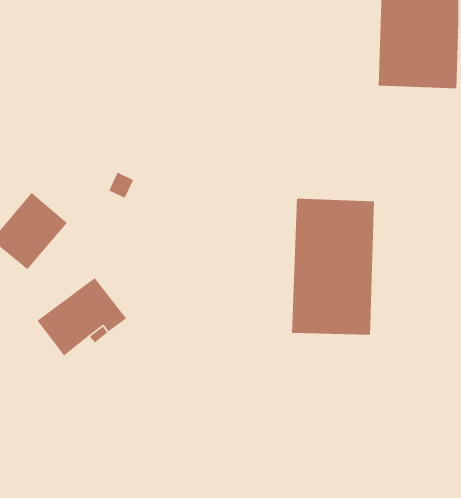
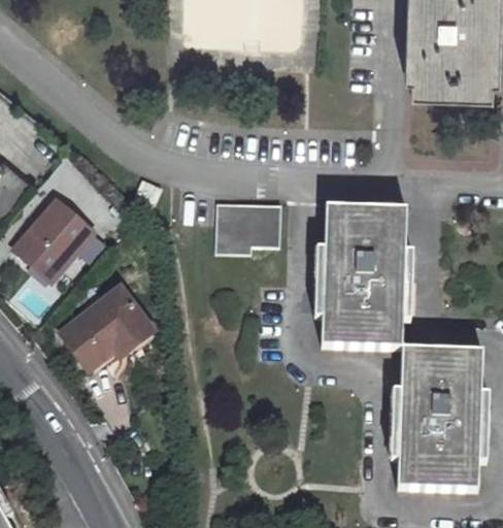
building: none -> [216,201,280,251]
building: none -> [398,346,483,490]

